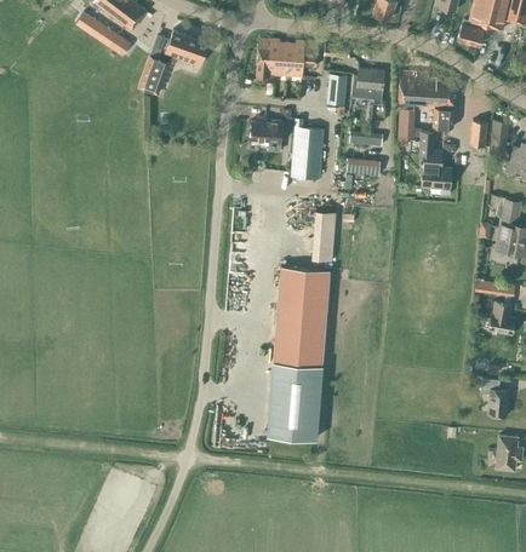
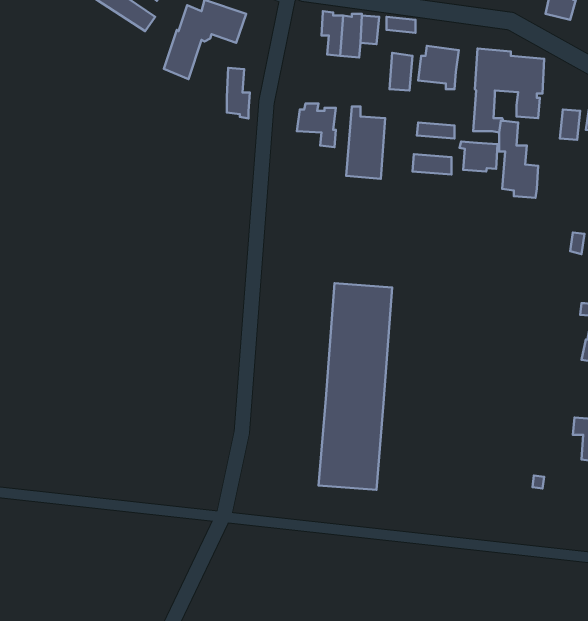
building: [257,39,276,81] -> [227,68,250,118]
building: none -> [460,141,498,171]
building: [313,211,336,261] -> none

